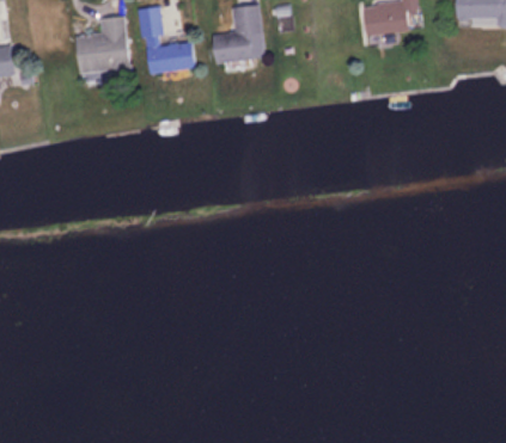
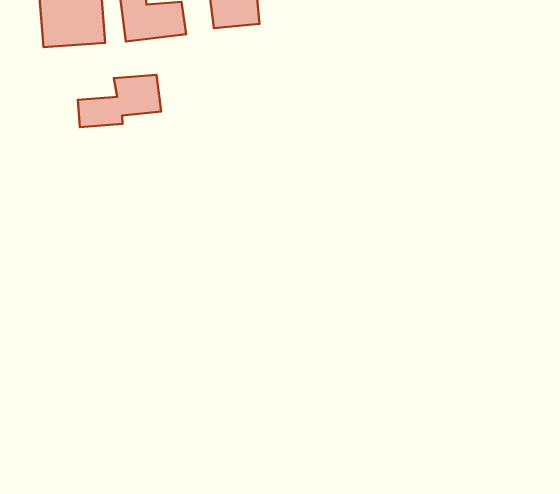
building: none -> [78,75,161,127]

